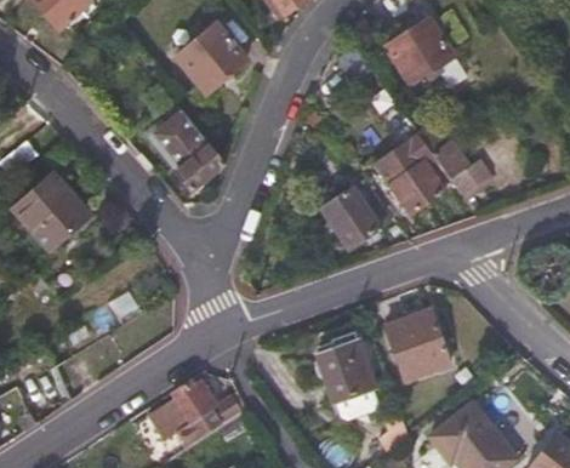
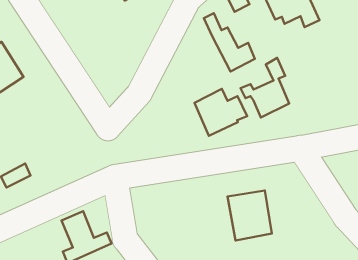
building: [154,110,226,193] -> none
building: [417,127,492,200] -> [204,13,255,72]
building: [314,341,374,405] -> none

